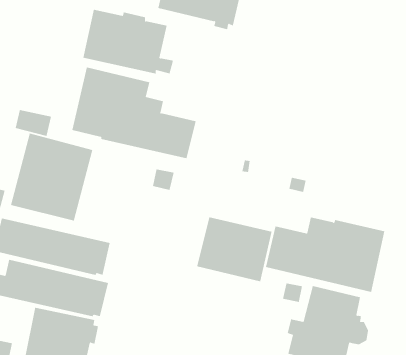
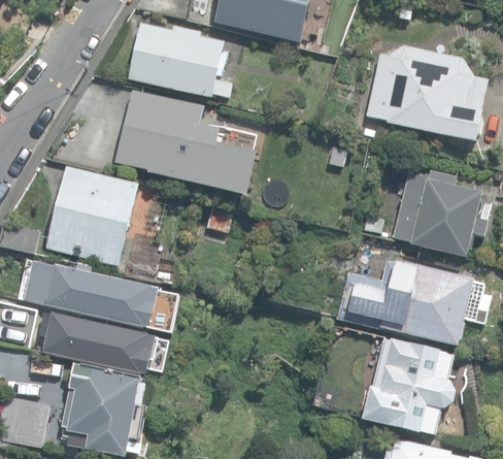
building: none -> [366,44,489,141]
building: none -> [393,169,487,256]
building: [197,216,272,282] -> none

